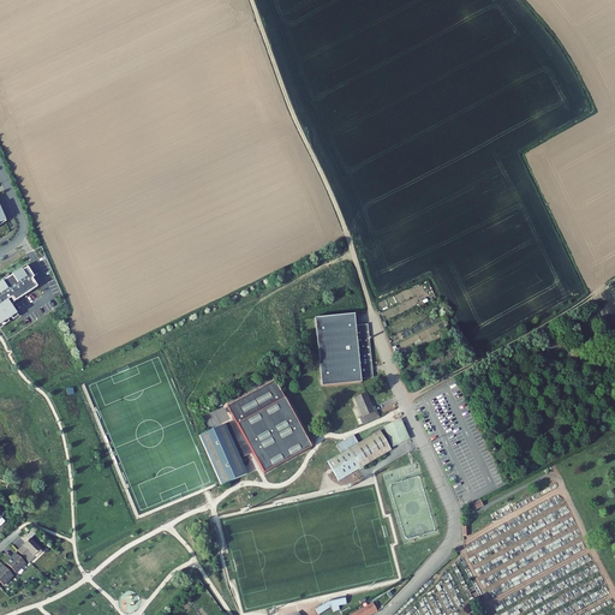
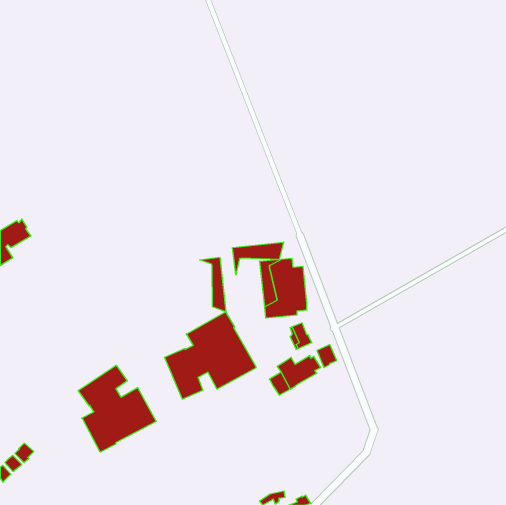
building: none -> [233,242,284,275]
building: none -> [200,257,226,312]
building: none -> [78,365,156,452]

